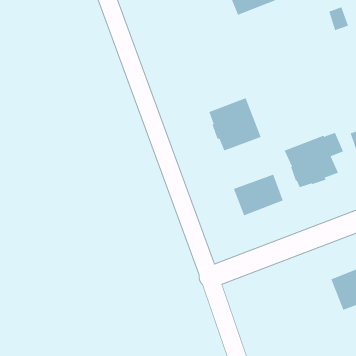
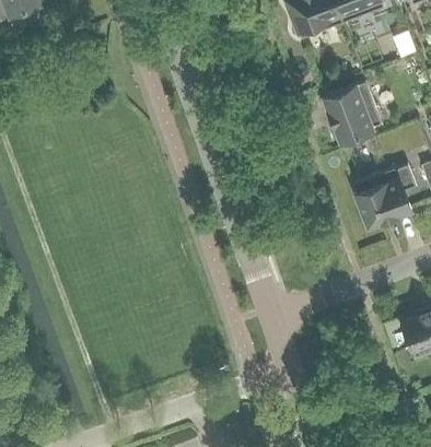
building: [209,98,261,151] -> [323,80,380,138]
building: [233,174,283,216] -> none

